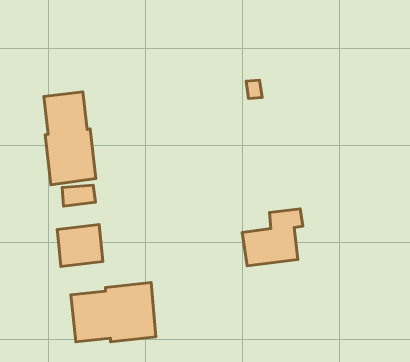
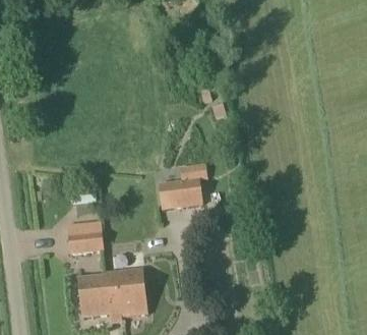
building: [44,92,96,185] -> none
building: [242,209,303,266] -> [158,163,207,210]

